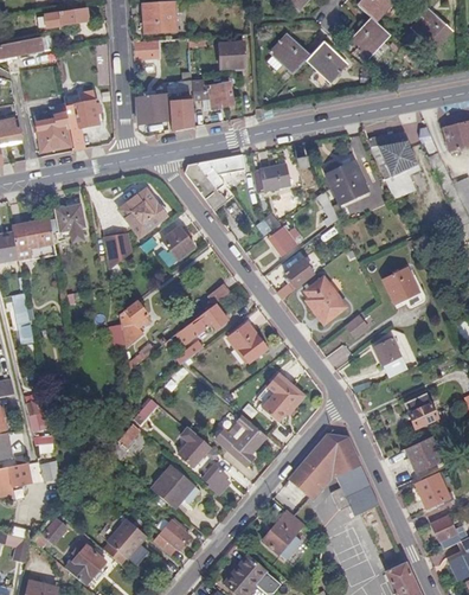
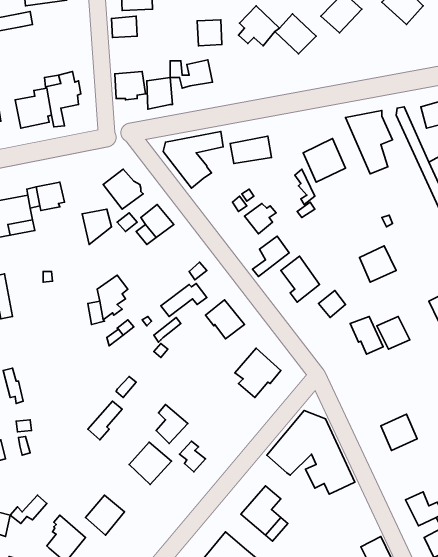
building: [404,395,437,428] -> [377,316,410,349]
building: [217,415,266,466] -> none
building: [415,473,449,510] -> none
building: [155,522,188,554] -> none

